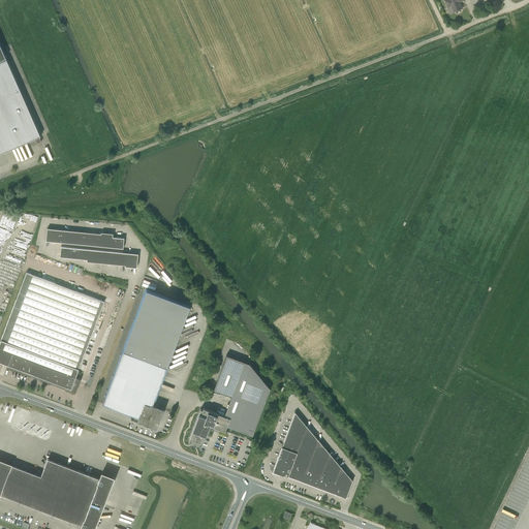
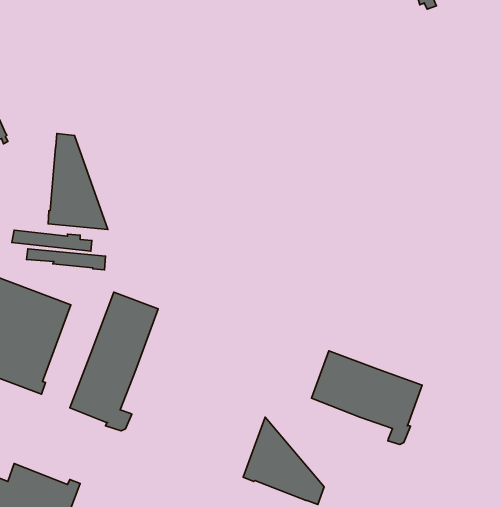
building: none -> [48,133,108,230]
building: none -> [312,351,422,445]
building: [188,355,271,447] -> none

